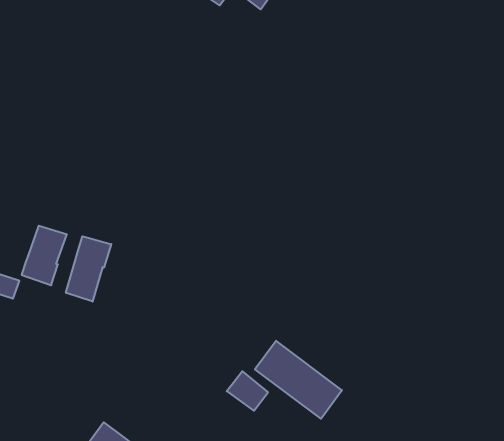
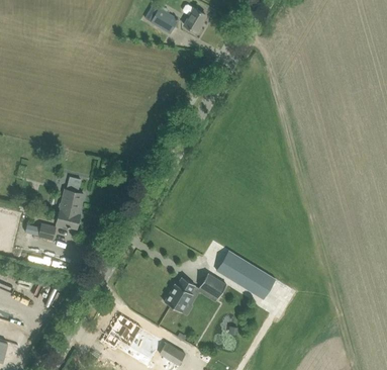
building: [66,236,111,302] -> none
building: none -> [164,278,195,311]

